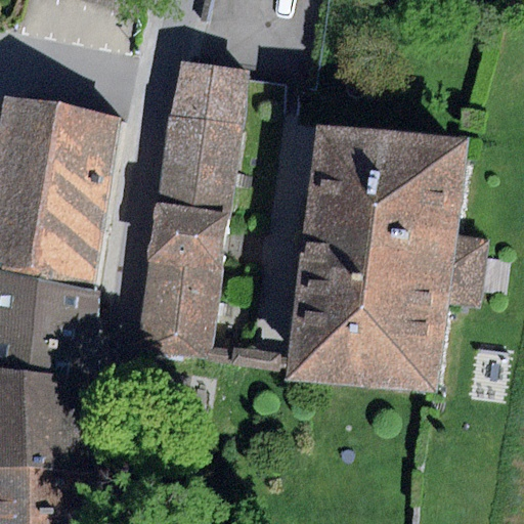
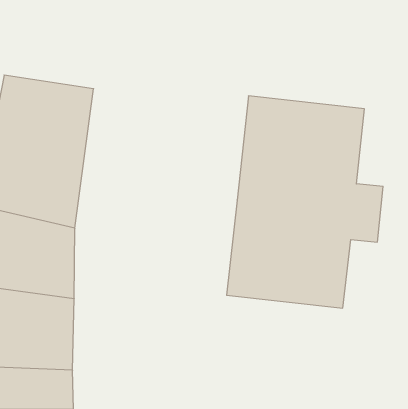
building: [139,60,247,356] -> none

